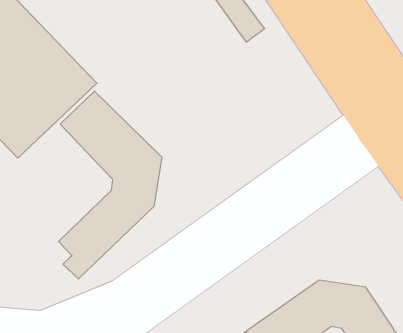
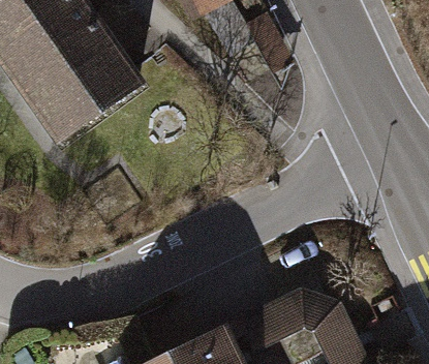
building: [59,91,162,279] -> none

